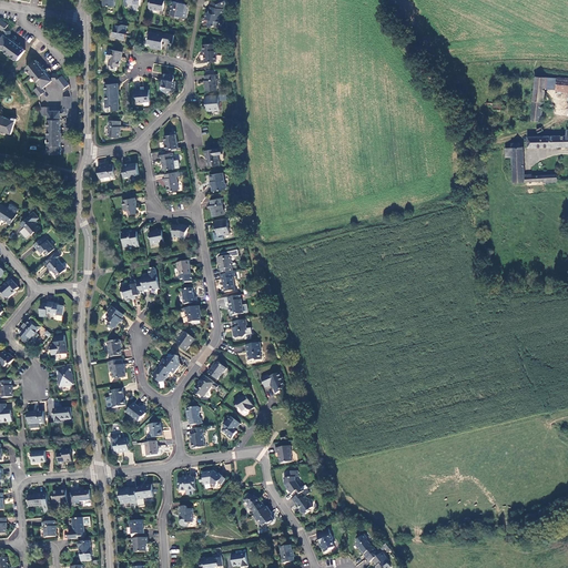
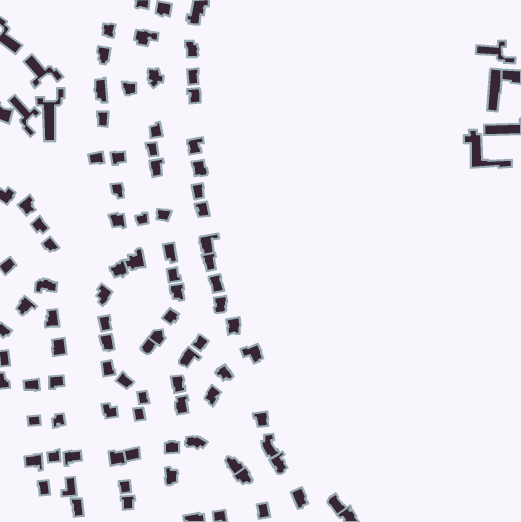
building: none -> [476,41,516,64]
building: none -> [8,95,40,137]

